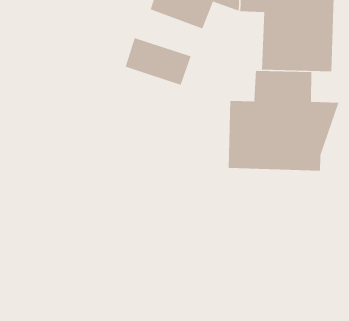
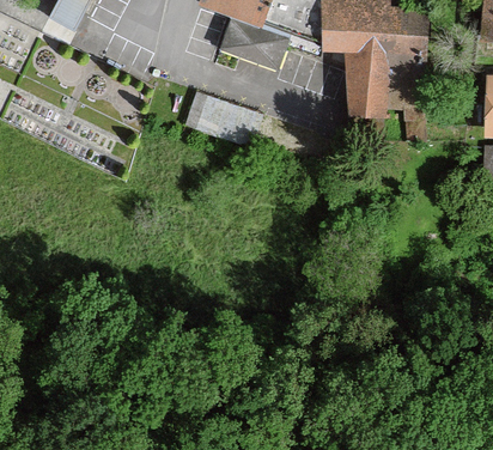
building: [228,70,339,172] -> none

